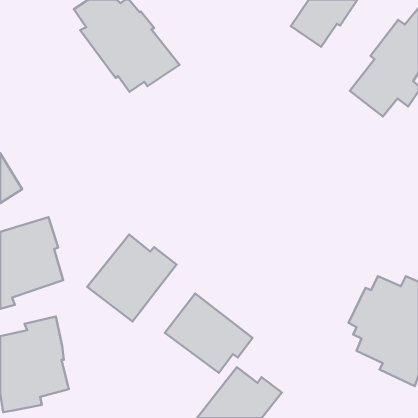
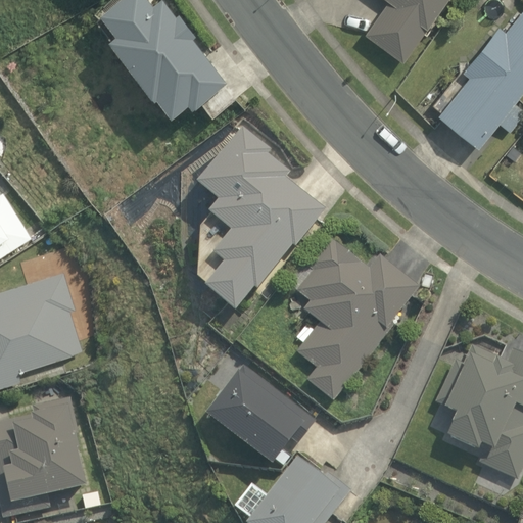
building: none -> [189,128,324,314]
building: none -> [297,233,420,402]
building: [87,235,176,322] -> none

